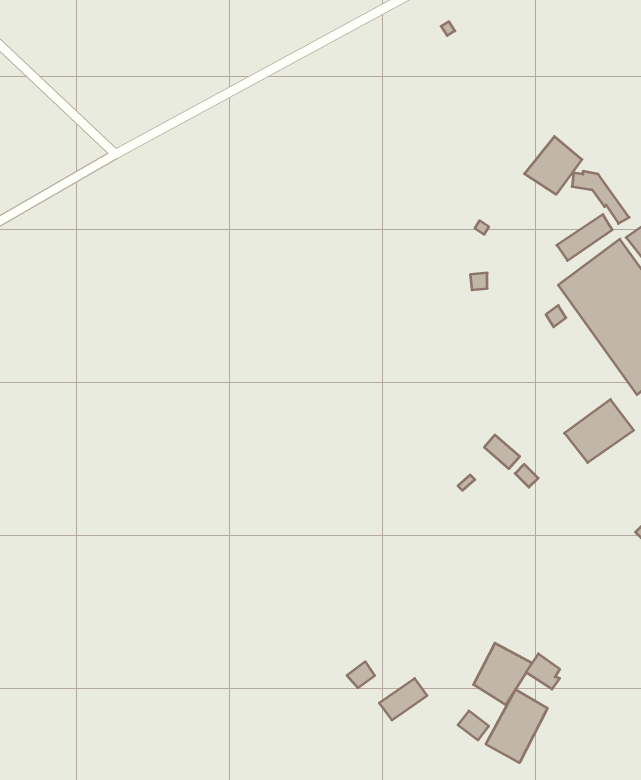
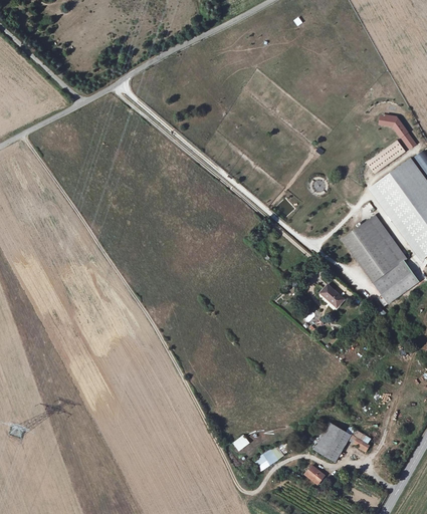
building: [524,136,582,194] -> none
building: none -> [342,216,407,284]
building: [486,689,547,763] -> none

